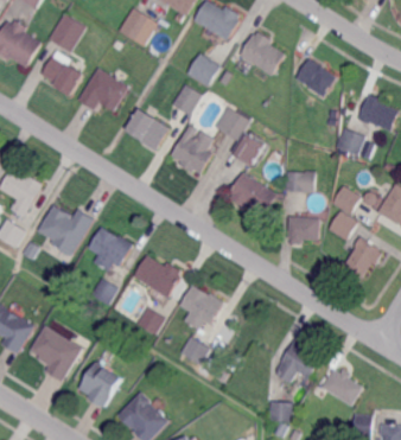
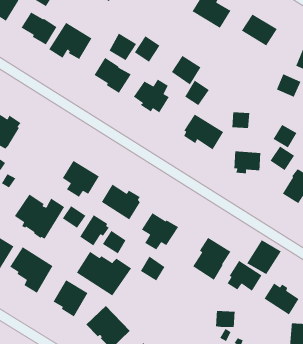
building: [186,53,219,87] -> [108,32,137,61]
building: [32,204,91,257] -> [14,194,65,240]
building: none -> [79,214,110,247]
building: none -> [192,237,232,281]
building: none -> [246,239,282,275]
building: none -> [76,251,132,296]

